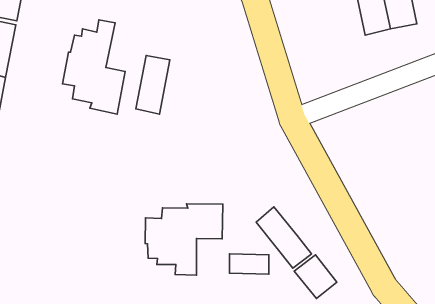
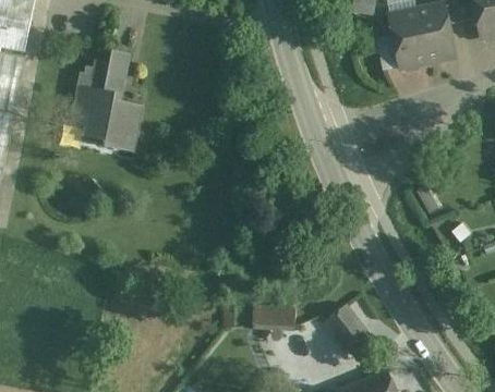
building: [136,56,170,114] -> none
building: [145,204,223,275] -> none
building: [256,207,312,268] -> none

